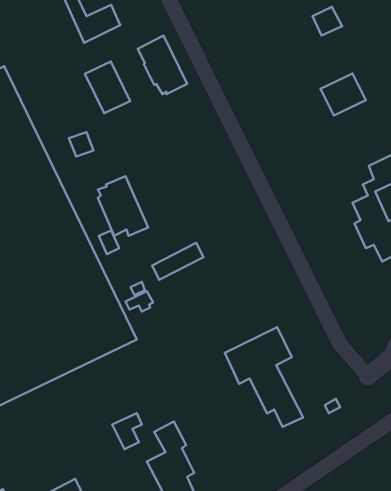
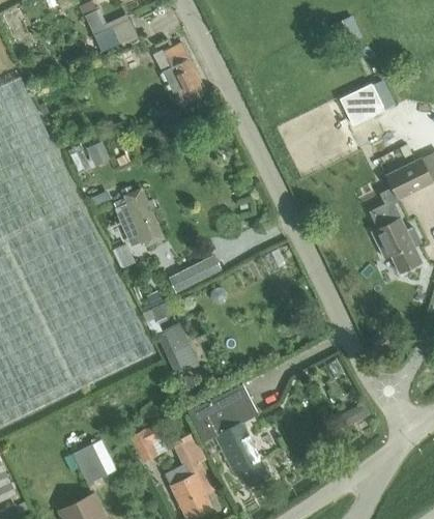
building: [85,62,130,113] -> none
building: none -> [156,322,199,373]
building: [225,327,303,427] -> [190,384,268,485]
building: none -> [73,443,108,483]

